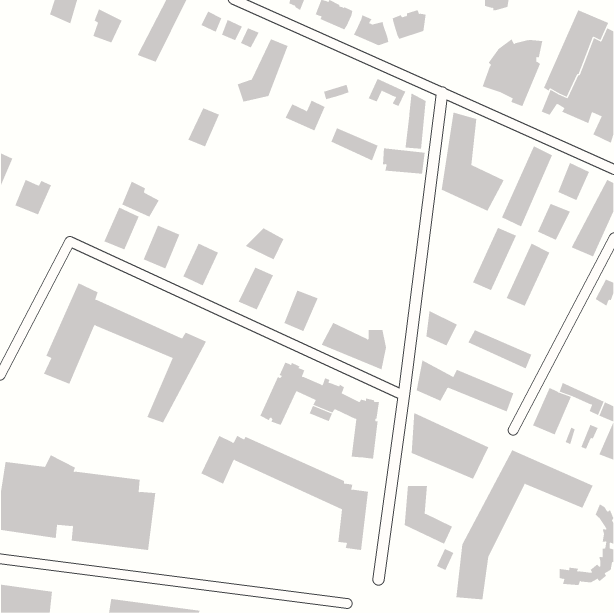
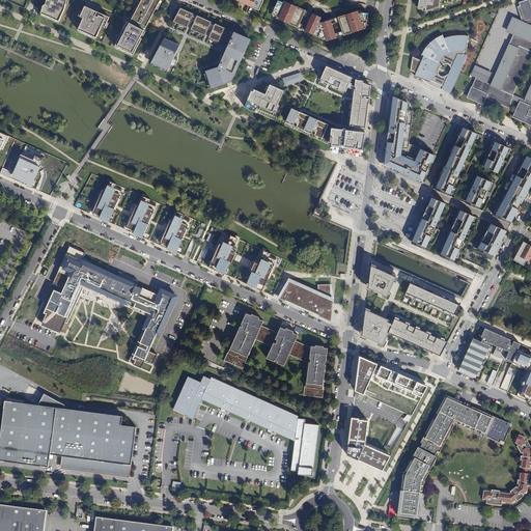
building: [187,107,220,147] -> [150,37,178,72]
building: [122,181,160,217] -> none
building: [245,227,284,260] -> none
building: none -> [475,223,507,255]

